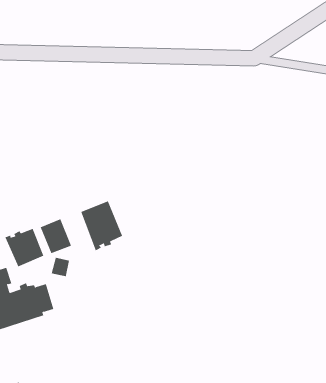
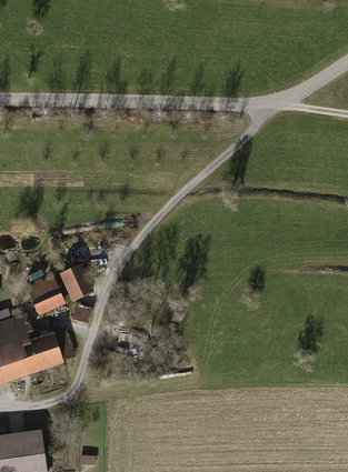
building: [81,201,123,251] -> none

